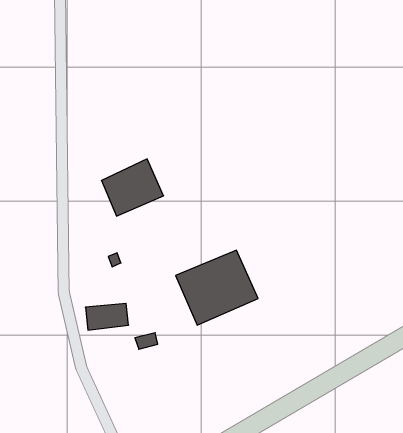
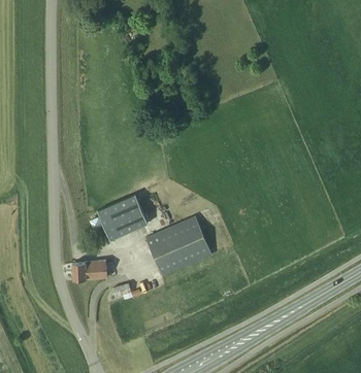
building: [101,159,164,216] -> [97,194,147,240]

